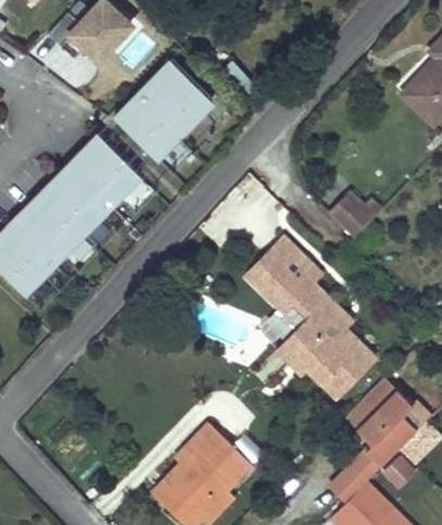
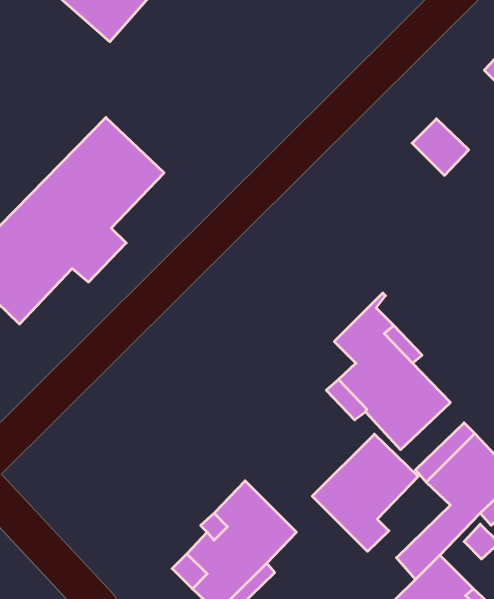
building: [113,57,218,162] -> none
building: [327,192,372,238] -> [412,119,469,175]
building: [247,237,319,311] -> none
building: none -> [312,434,418,551]

